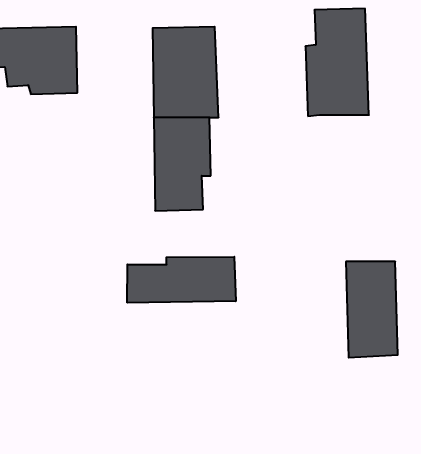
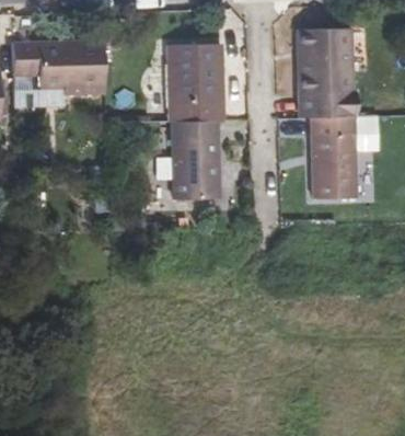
building: [127,257,236,303] -> none
building: [346,262,398,358] -> [308,117,351,198]

